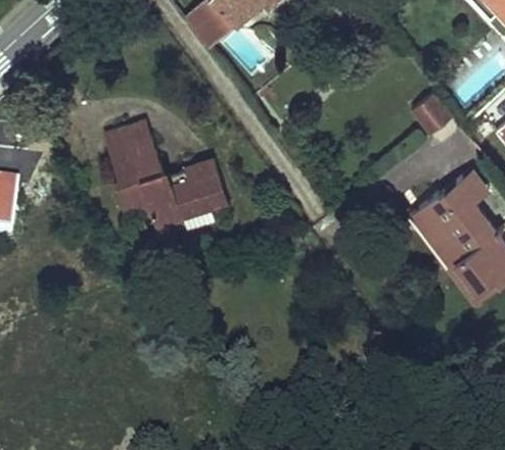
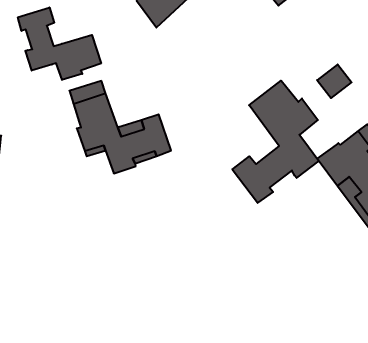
building: none -> [18,7,101,80]
building: none -> [232,81,319,203]

